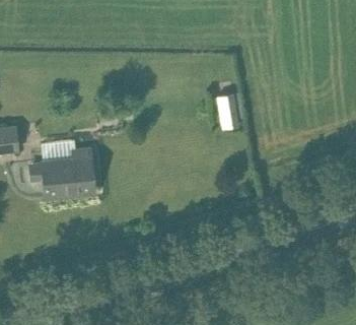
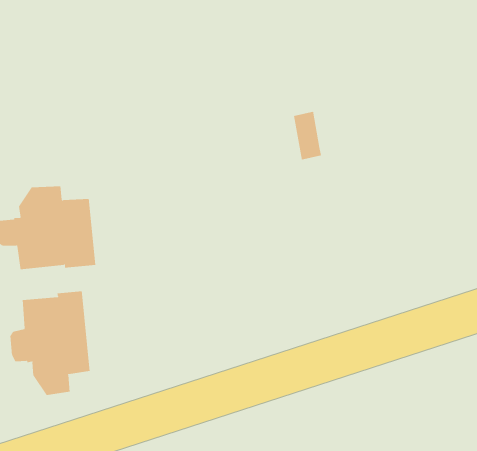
building: none -> [10,291,90,396]

